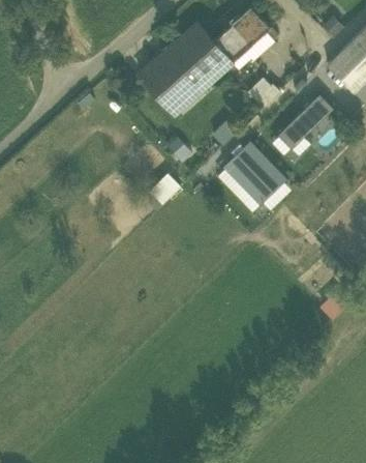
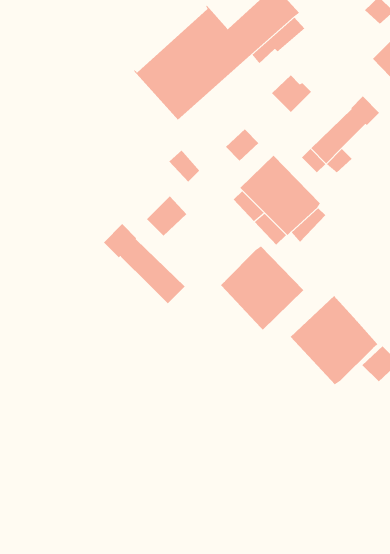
building: none -> [103,223,185,304]
building: none -> [219,245,304,331]
building: none -> [290,295,379,385]

